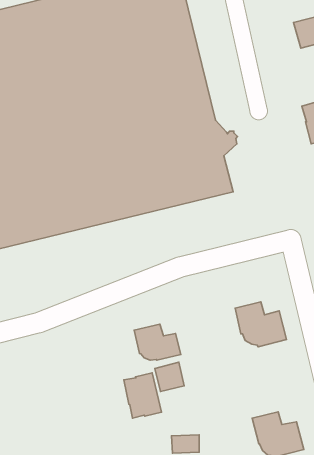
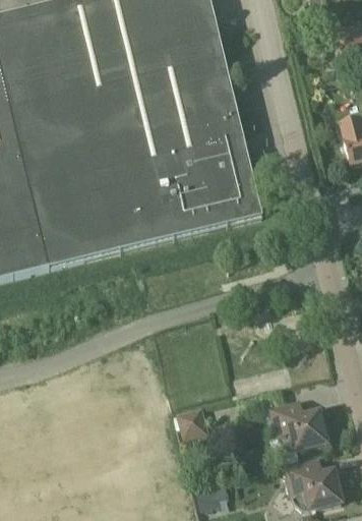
building: [235,302,287,347] -> [269,397,326,447]
building: [134,324,181,360] -> none
building: [124,373,161,418] -> none

